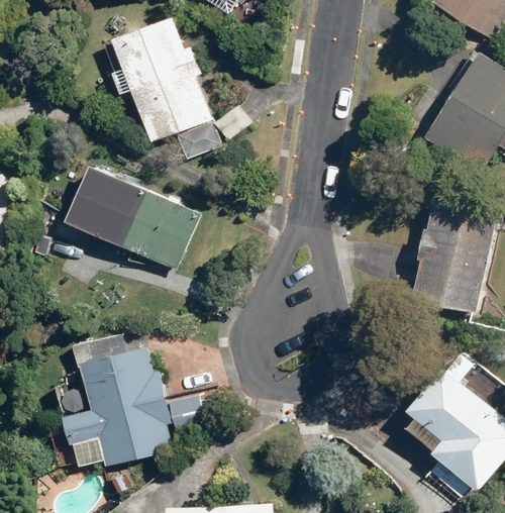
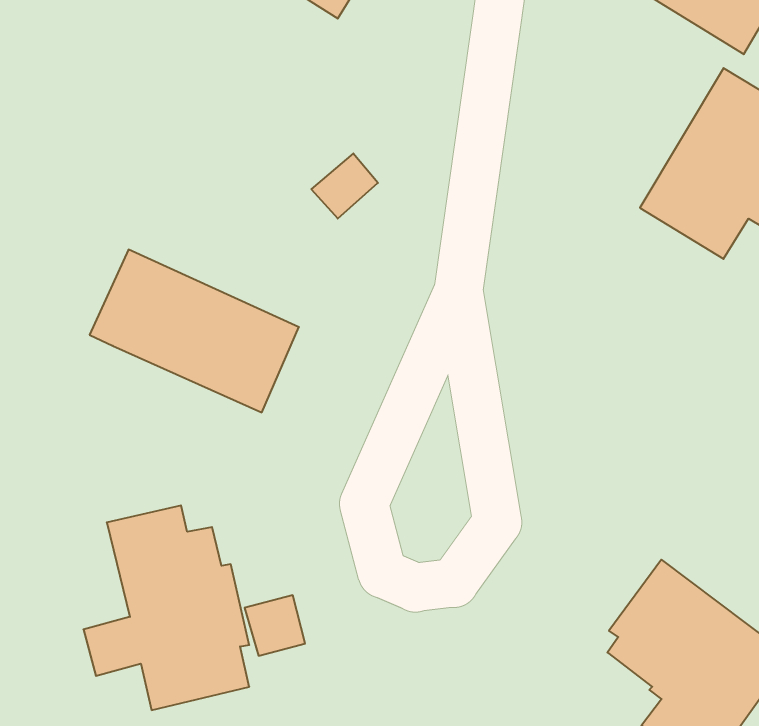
building: [109,17,211,143] -> none
building: [411,204,491,314] -> none

